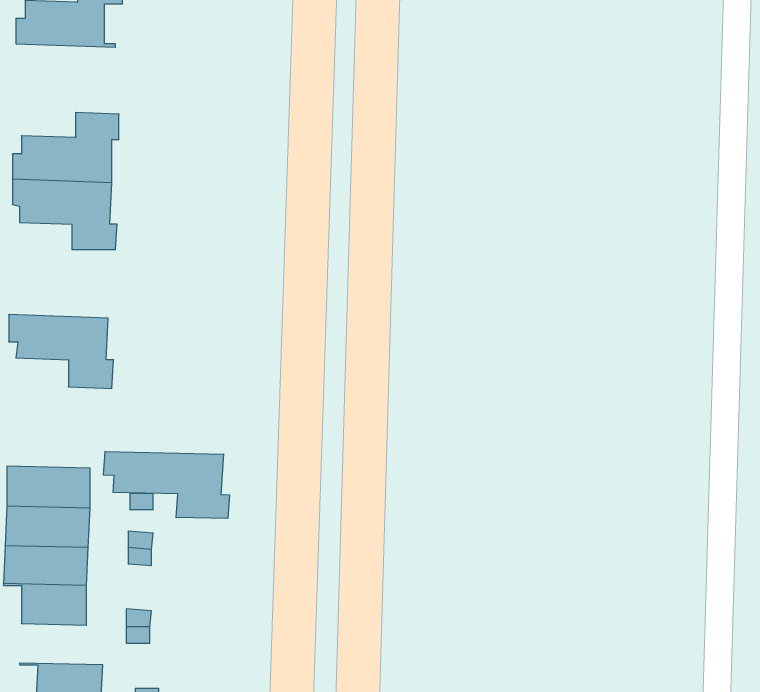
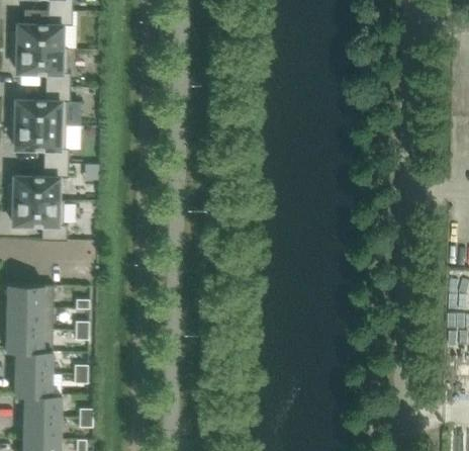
building: none -> [12,49,71,88]
building: none -> [8,164,68,202]
building: [103,451,229,518] -> none
building: none -> [14,373,61,396]

